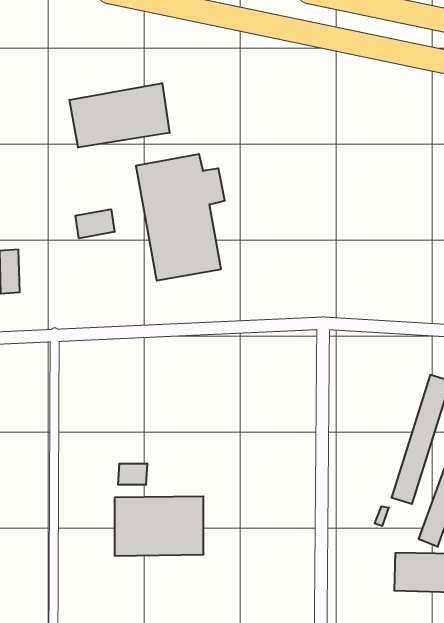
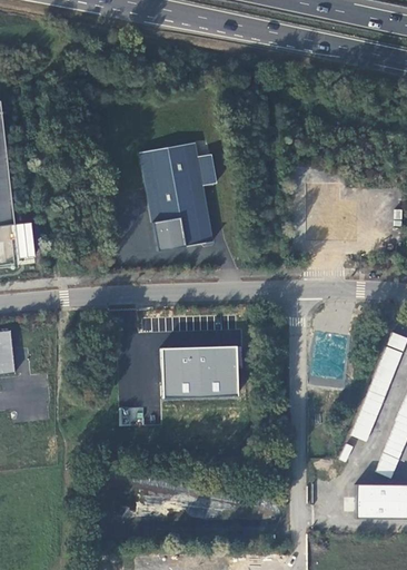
building: [69,83,170,148] -> none
building: [75,209,115,238] -> none
building: [115,496,204,556] -> [162,346,239,397]

